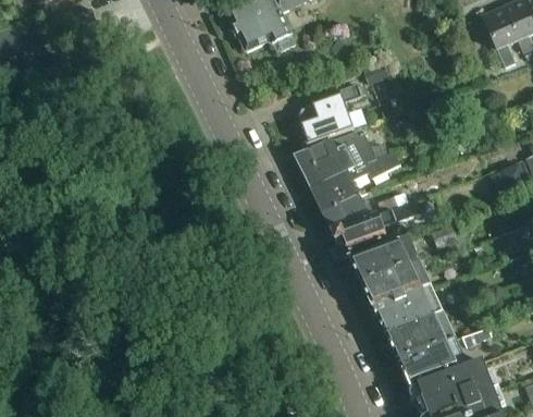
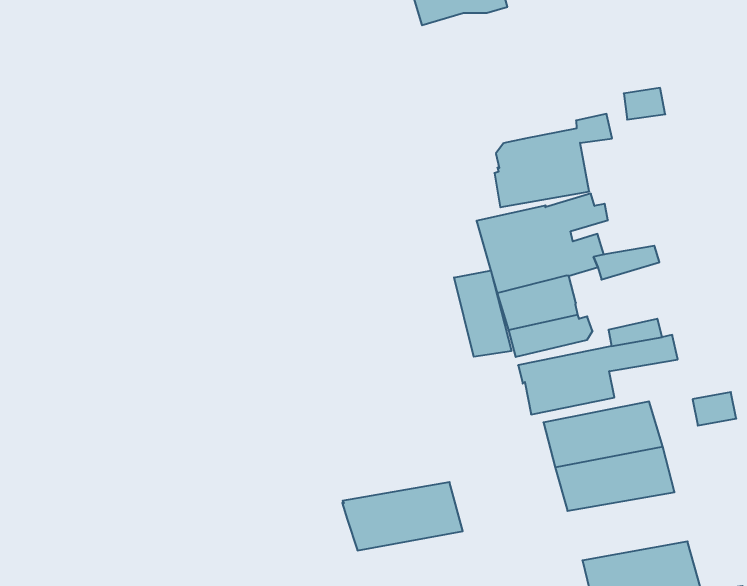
building: none -> [454,271,511,357]
building: [374,287,444,334] -> [342,482,463,550]

